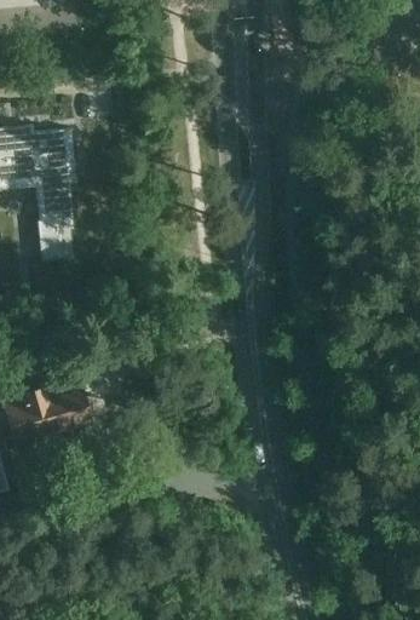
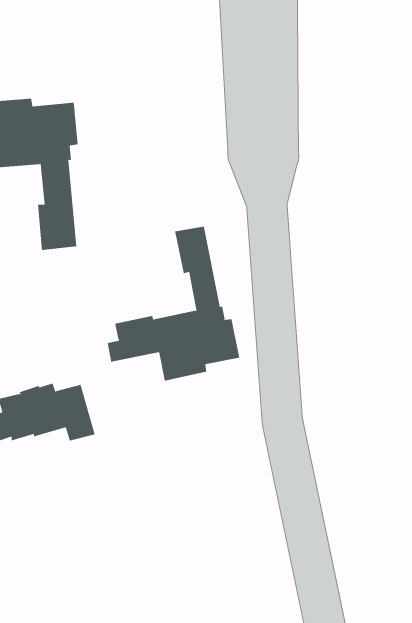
building: none -> [107,226,240,381]

